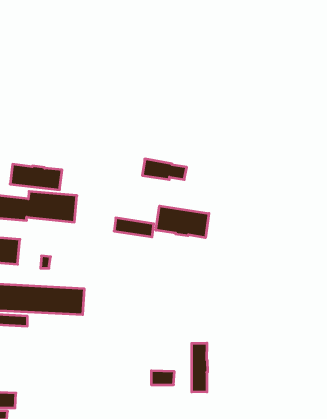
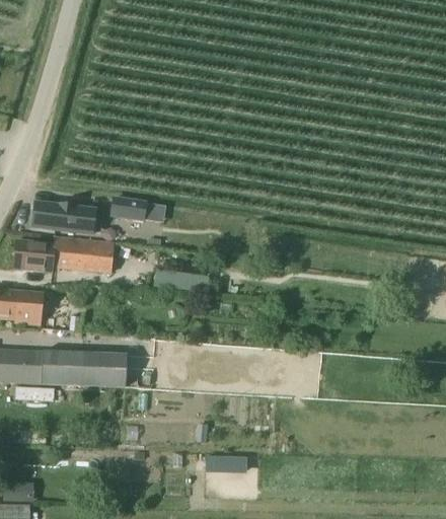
building: [142,159,187,180] -> [110,196,165,221]
building: [156,206,209,238] -> none
building: [192,343,207,392] -> none

